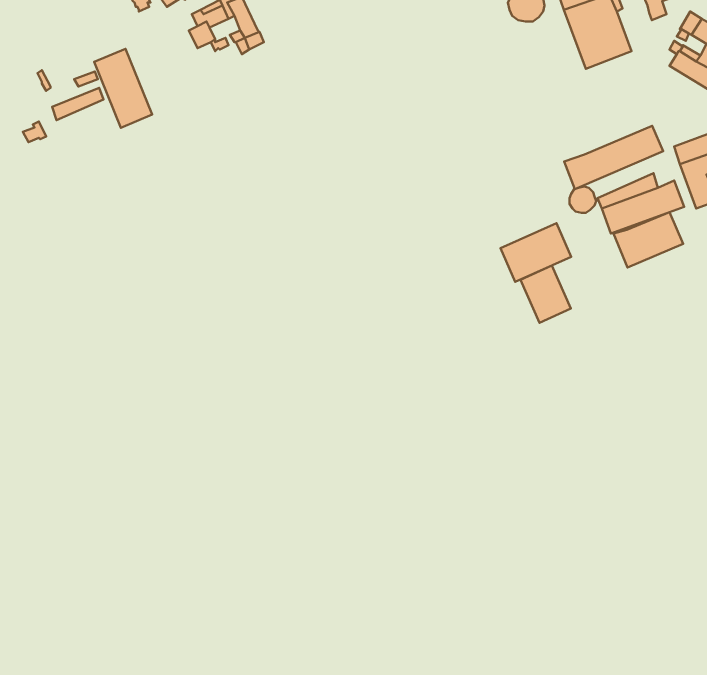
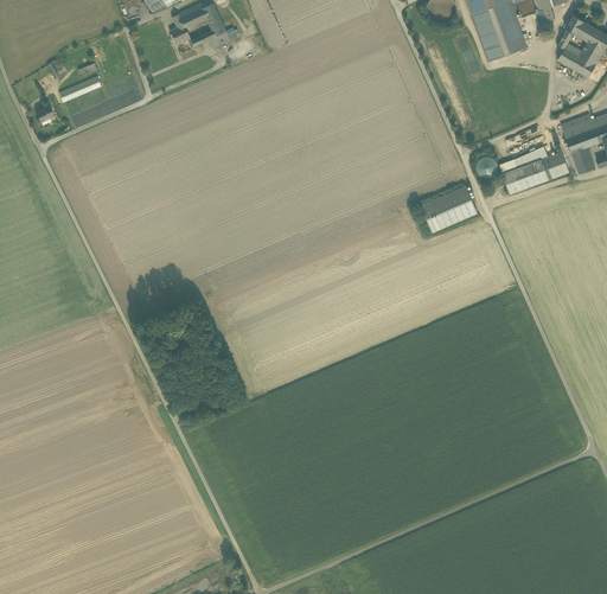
building: [94,49,152,128] -> none
building: [564,126,663,189] -> none
building: [614,212,683,268] -> none
building: [520,266,571,323] -> none

